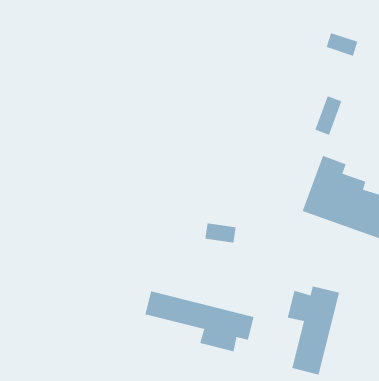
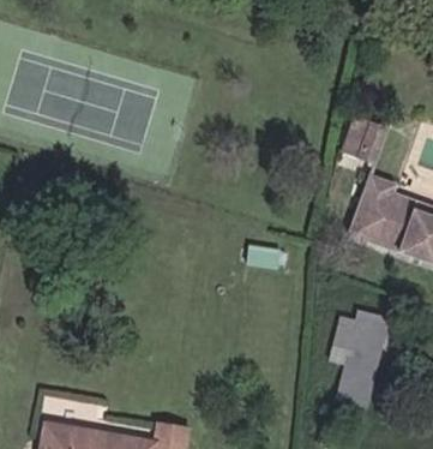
building: [145,291,254,352] -> none

